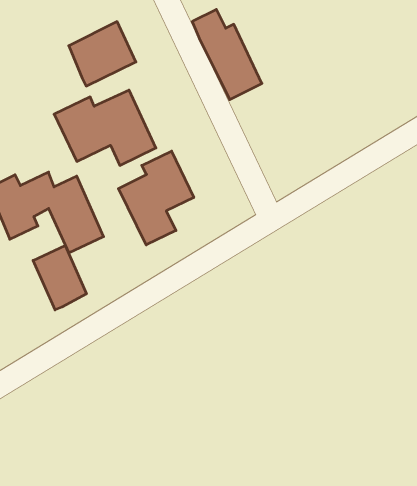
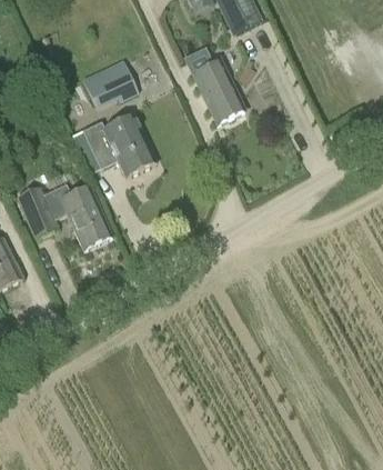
building: [118,151,194,245] -> none
building: [33,245,86,310] -> none

